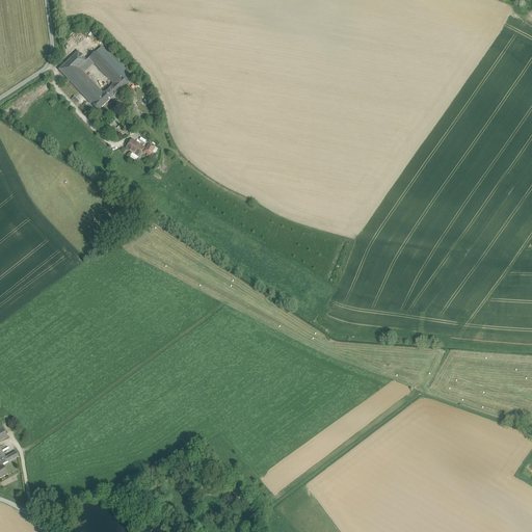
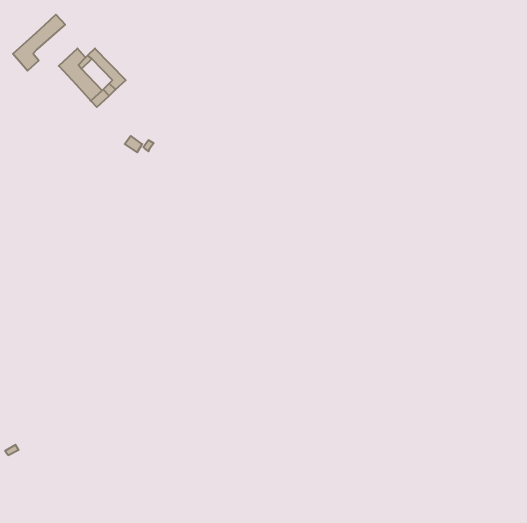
building: none -> [13,15,65,71]

